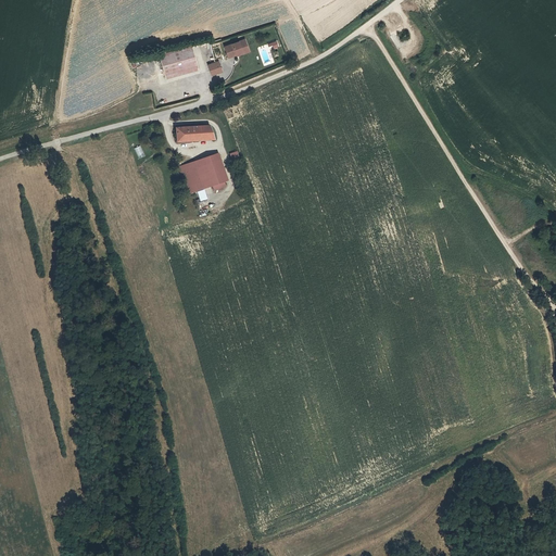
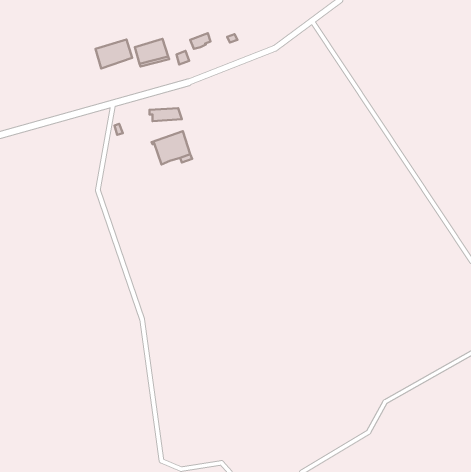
building: none -> [96,39,132,68]

